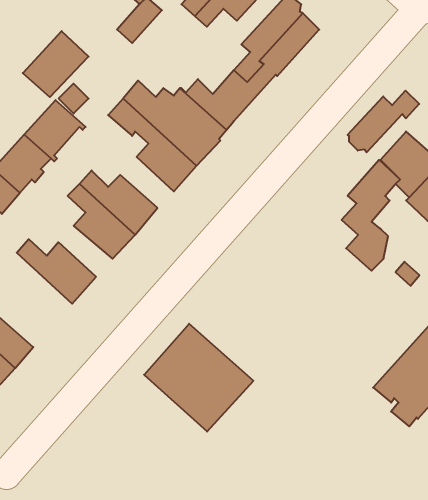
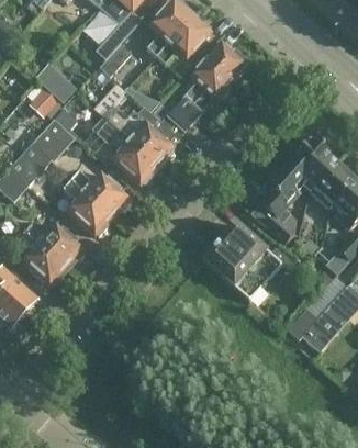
building: [348,91,419,152] -> none
building: none -> [16,228,65,283]
building: [144,324,253,432] -> [201,220,281,299]

